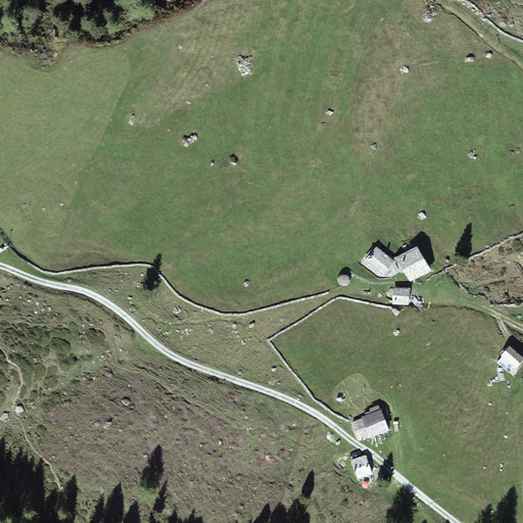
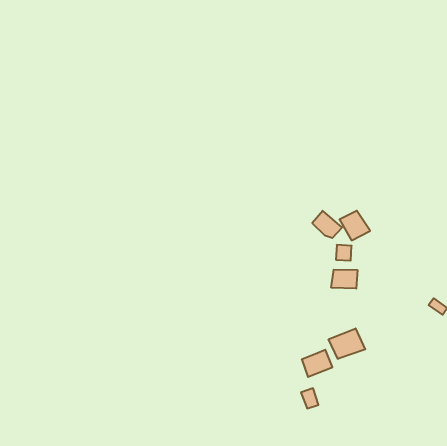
building: none -> [331,270,357,289]
building: none -> [329,328,365,359]

